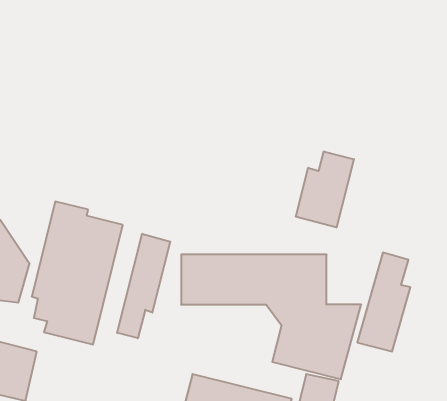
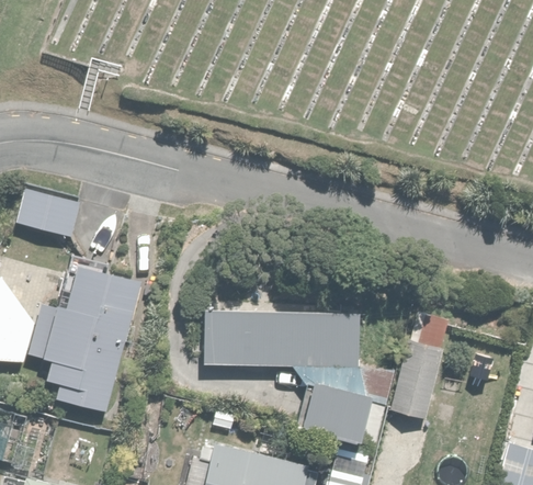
building: none -> [13,187,82,238]
building: [296,151,354,228] -> none
building: [117,234,170,338] -> none

